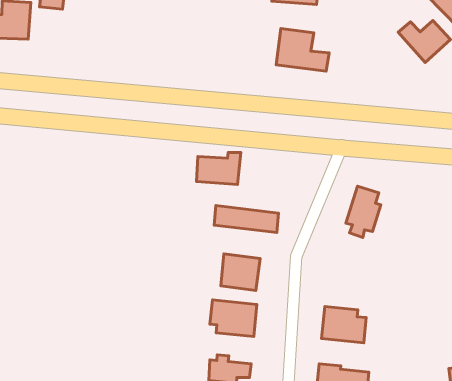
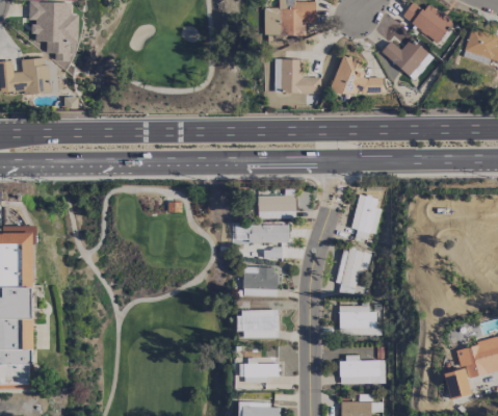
building: none -> [330,57,382,95]
building: [196,152,241,185] -> [257,189,295,219]
building: none -> [335,248,372,295]

